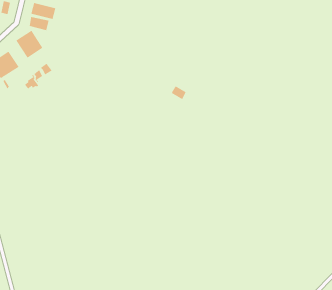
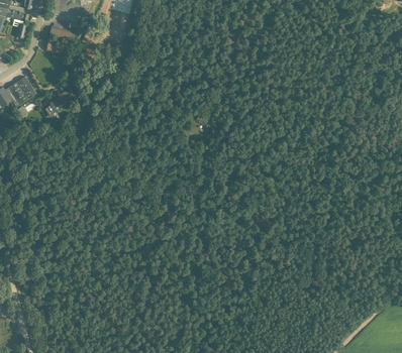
building: [16,30,43,59] -> none

